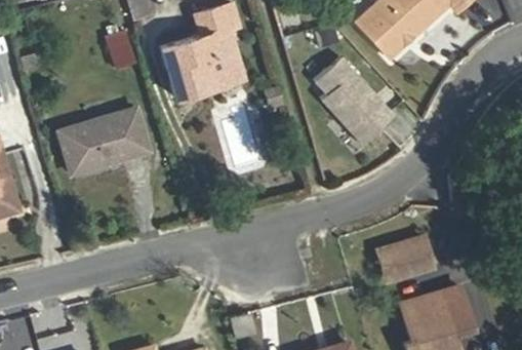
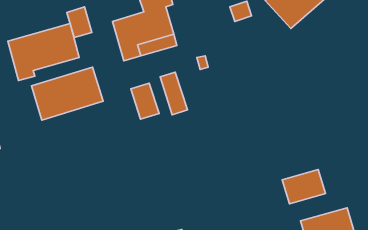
building: none -> [8,24,79,80]
building: [315,59,395,146] -> none
building: none -> [131,83,159,119]

